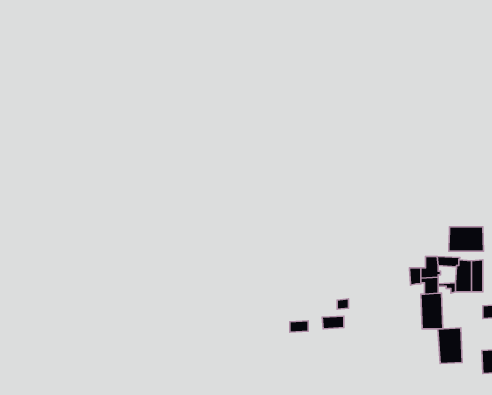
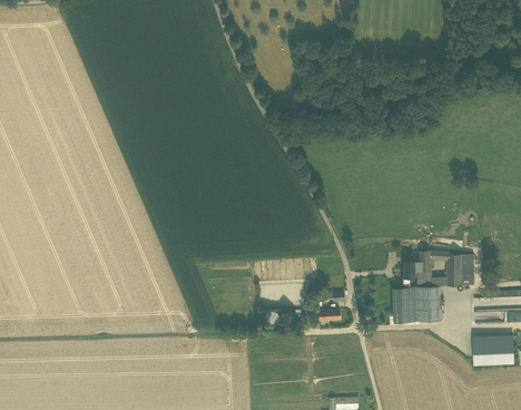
building: [449,227,483,251] -> none
building: [438,328,462,363] -> [392,287,415,322]

